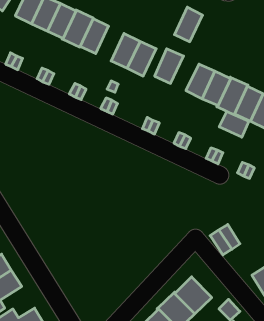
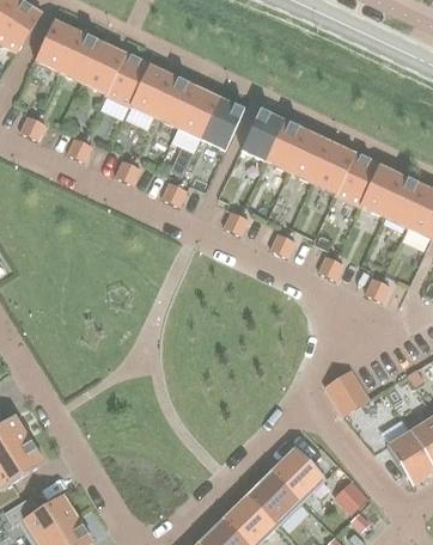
building: [174,7,203,42] -> [266,120,307,171]
building: none -> [154,75,196,127]
building: [219,111,249,137] -> none

